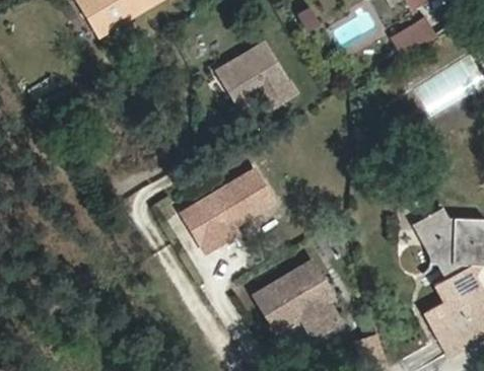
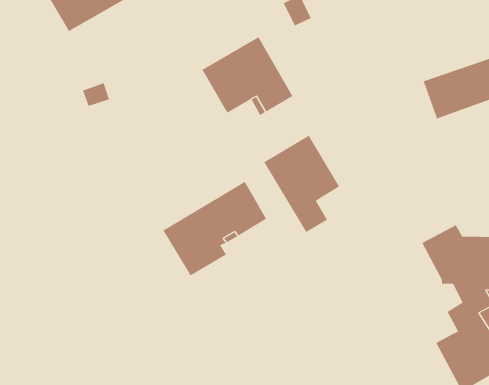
building: [390,17,436,57] -> none
building: none -> [264,135,340,233]
building: [254,262,339,338] -> none

